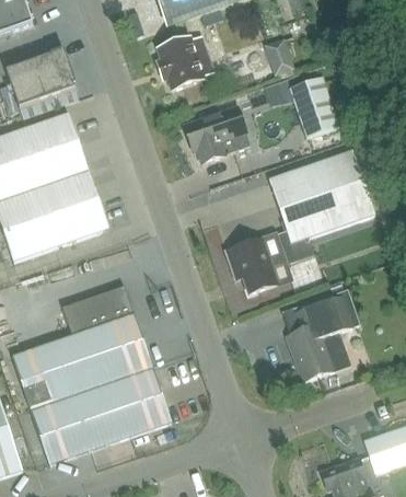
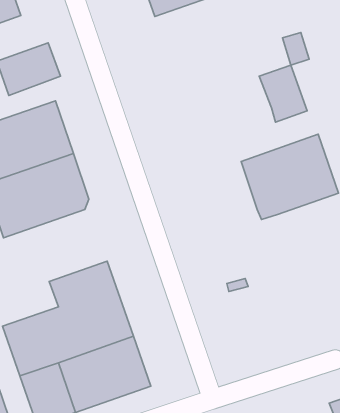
building: [155,36,204,89] -> none
building: [265,42,293,77] -> [283,33,309,65]
building: [183,105,248,162] -> none
building: [232,231,290,292] -> none
building: [287,289,360,381] -> none

